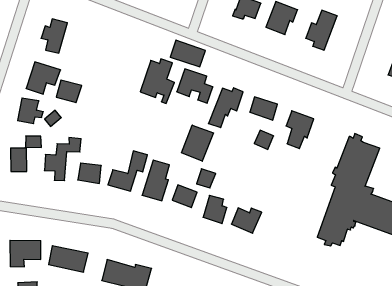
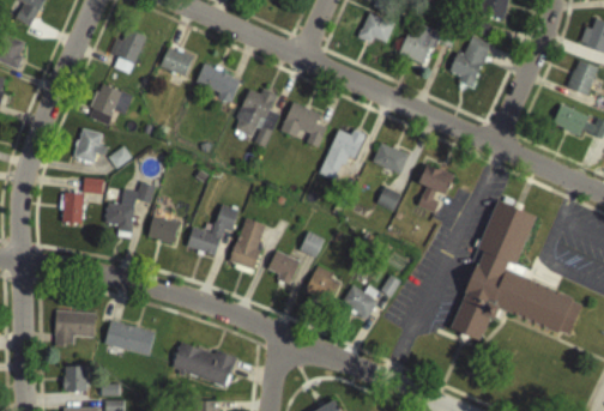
building: [170,40,205,67] -> [195,64,241,99]
building: [56,80,82,103] -> [161,46,194,75]
building: [181,125,214,161] -> none

